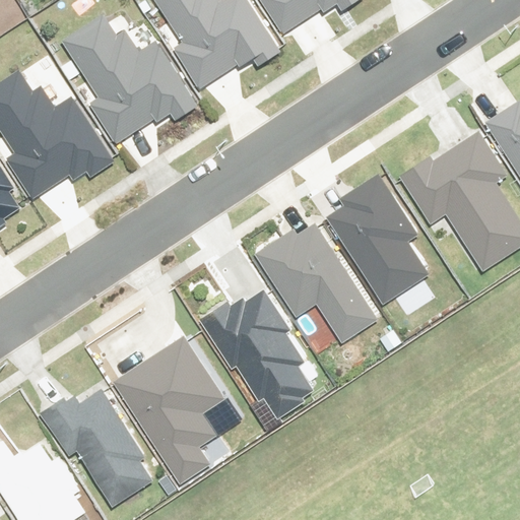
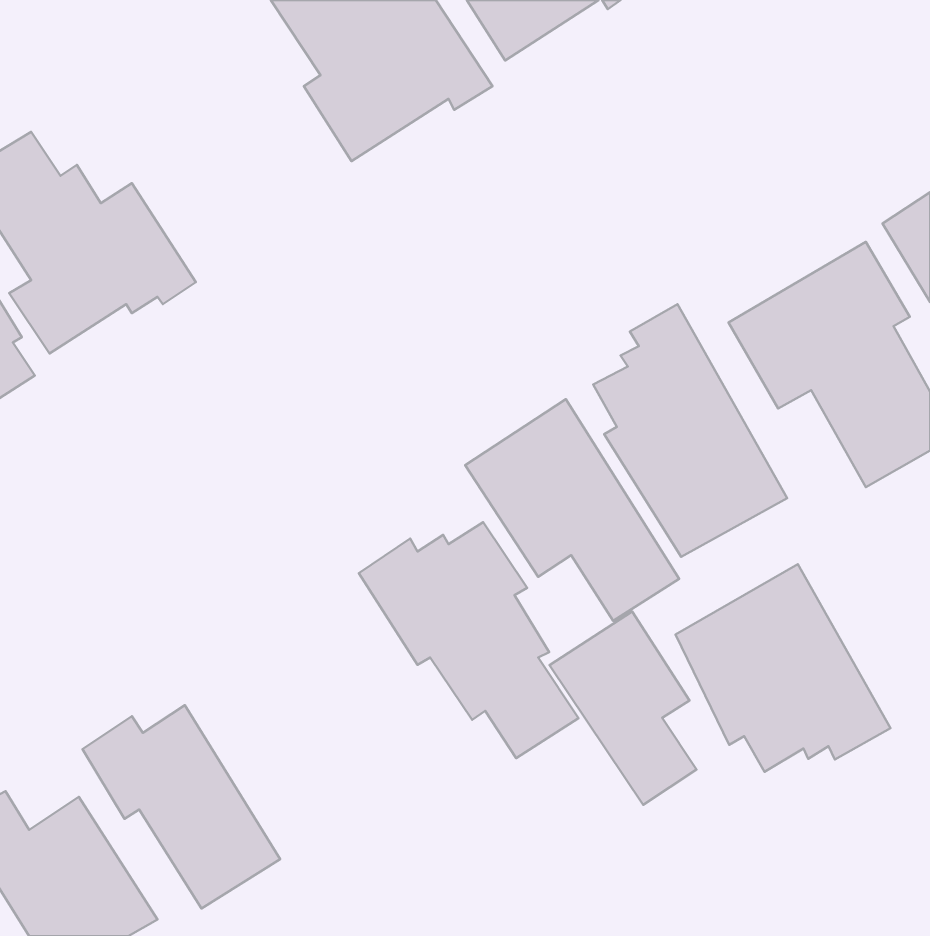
building: [64,12,195,148] -> none
building: none -> [676,564,891,772]
building: none -> [549,612,696,805]
building: [117,339,221,482] -> none

